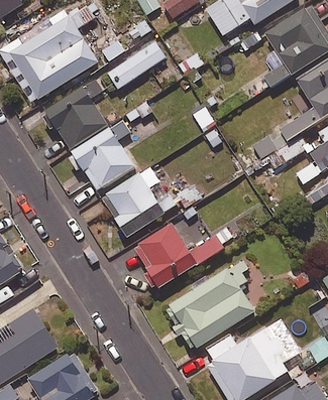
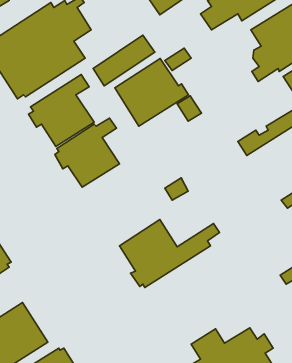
building: [103,168,177,236] -> [115,58,189,126]
building: [166,259,255,349] -> none

